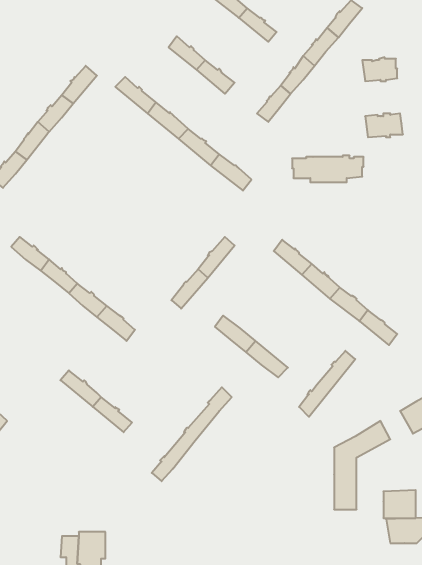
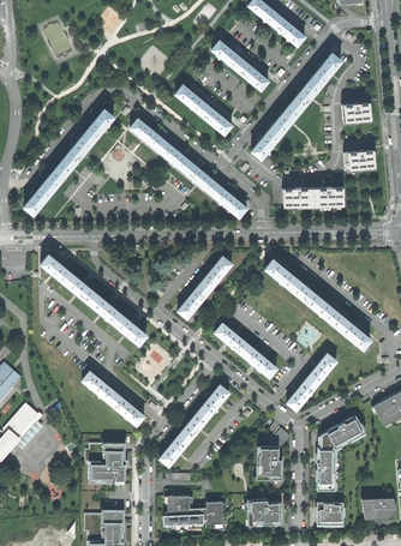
building: none -> [84,442,125,482]
building: none -> [256,446,282,480]
building: [383,490,416,518] -> [317,500,345,524]
building: none -> [166,497,223,528]
building: none -> [246,500,281,527]

